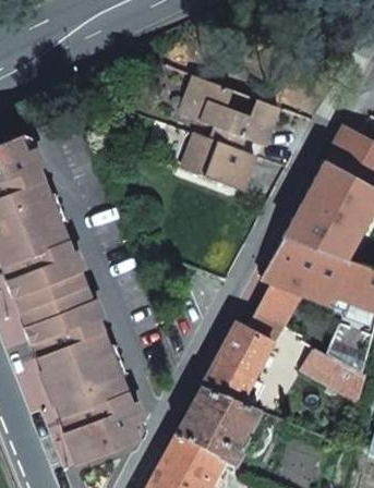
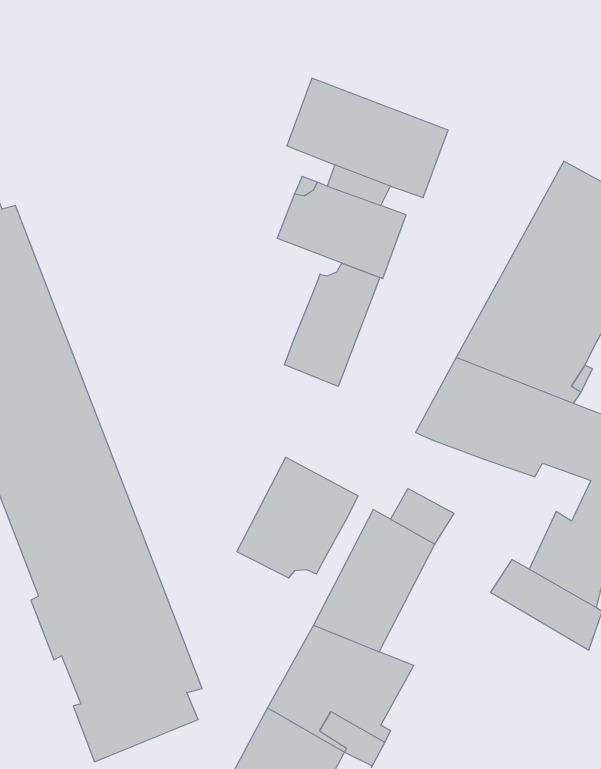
building: none -> [285,263,380,386]
building: [254,284,298,326] -> none
building: none -> [237,457,358,578]

